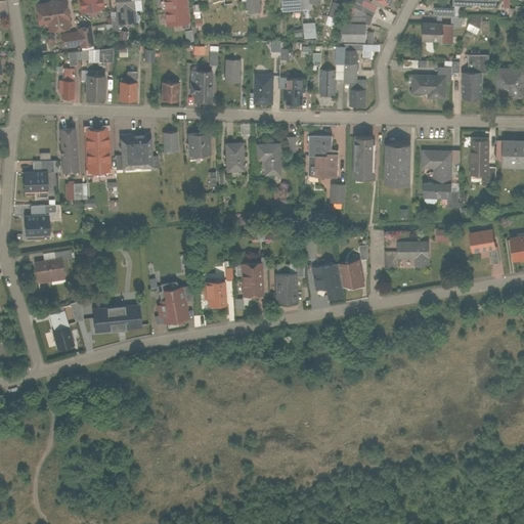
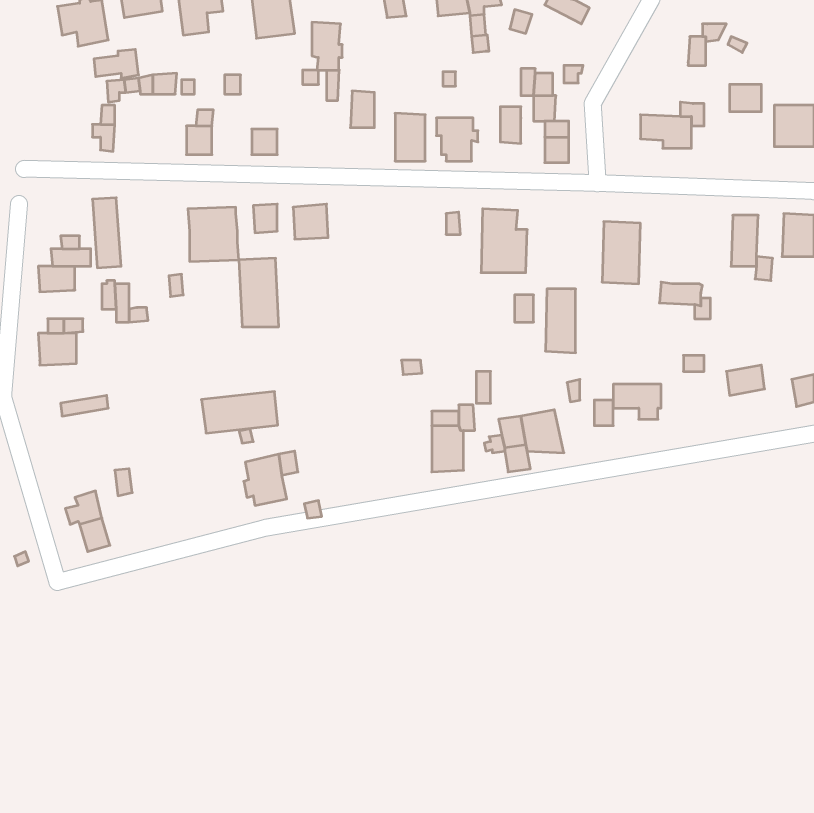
building: [342,21,366,40] -> none
building: [423,21,443,40] -> none
building: [191,70,211,100] -> [312,22,342,70]
building: [462,72,481,98] -> none
building: [87,74,106,96] -> none
building: [85,127,111,171] -> [239,258,279,327]
building: [355,136,375,177] -> [545,289,576,353]
building: [225,141,244,171] -> none
building: [258,141,281,173] -> none
building: [422,149,450,182] -> none
building: [242,262,263,297] -> none
building: [32,264,60,285] -> none
building: [205,282,227,305] -> none
building: [88,310,137,337] -> [201,392,278,433]

